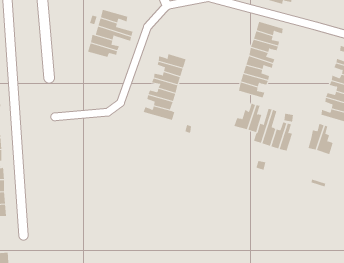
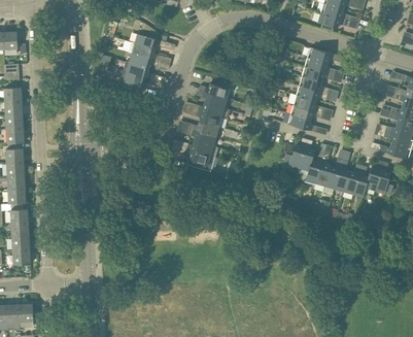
building: none -> [181,147,215,171]
building: none -> [343,164,369,197]

